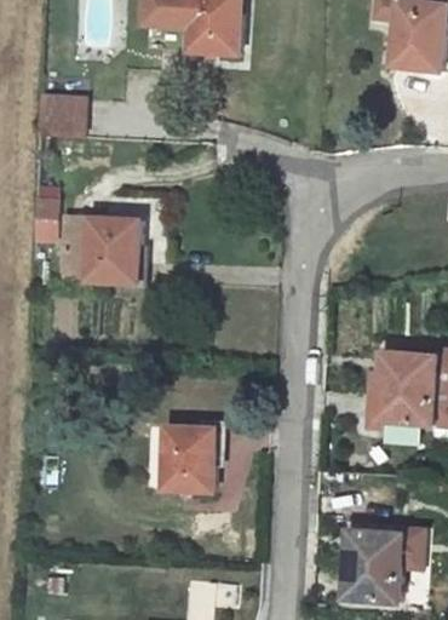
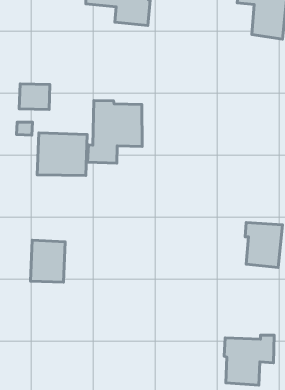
building: [39,99,85,138] -> [19,84,50,110]
building: none -> [88,100,142,163]
building: [167,421,219,484] -> [30,240,65,282]

